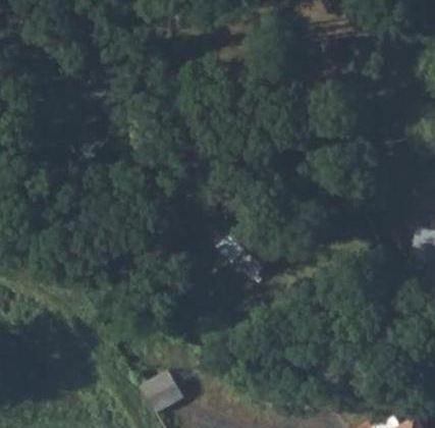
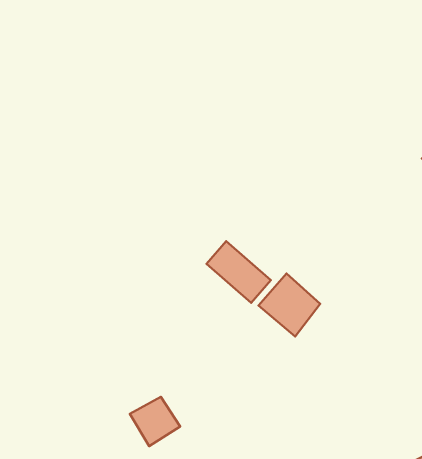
building: none -> [259,273,320,336]

